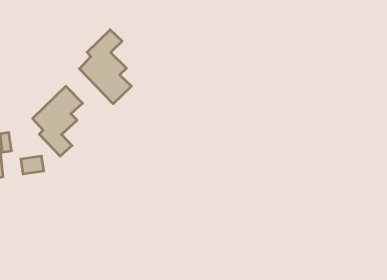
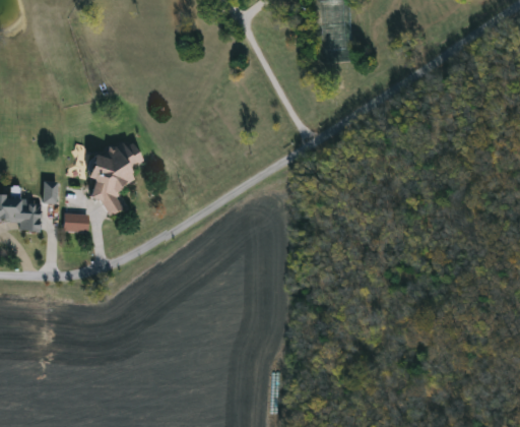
building: [79,30,131,104] -> none

